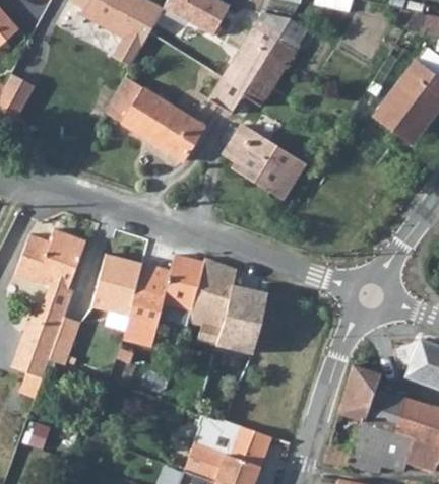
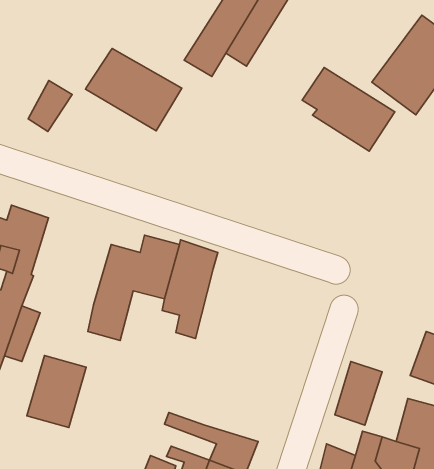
building: [105,79,143,124] -> [28,80,72,131]
building: [223,126,304,199] -> [302,68,395,151]
building: [91,252,143,315] -> [27,356,86,427]
building: [217,283,267,352] -> none
building: [364,389,403,434] -> none

